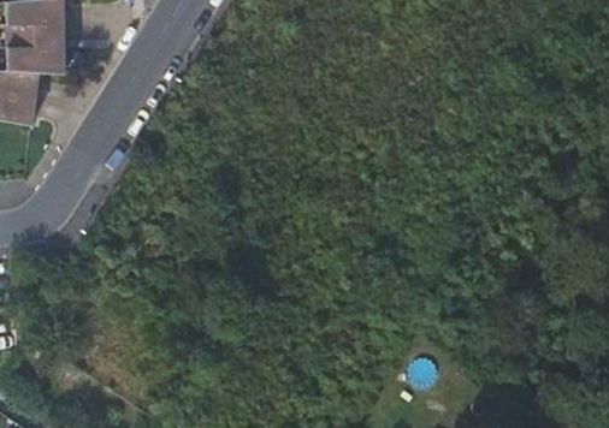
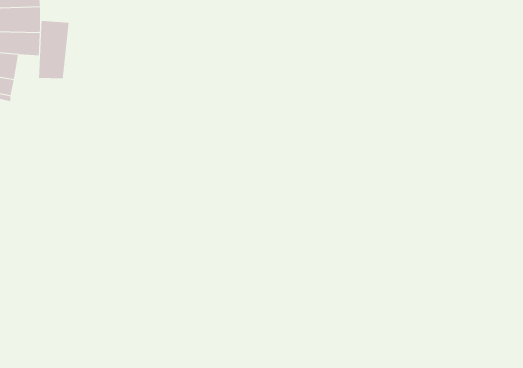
building: none -> [39,20,69,79]

